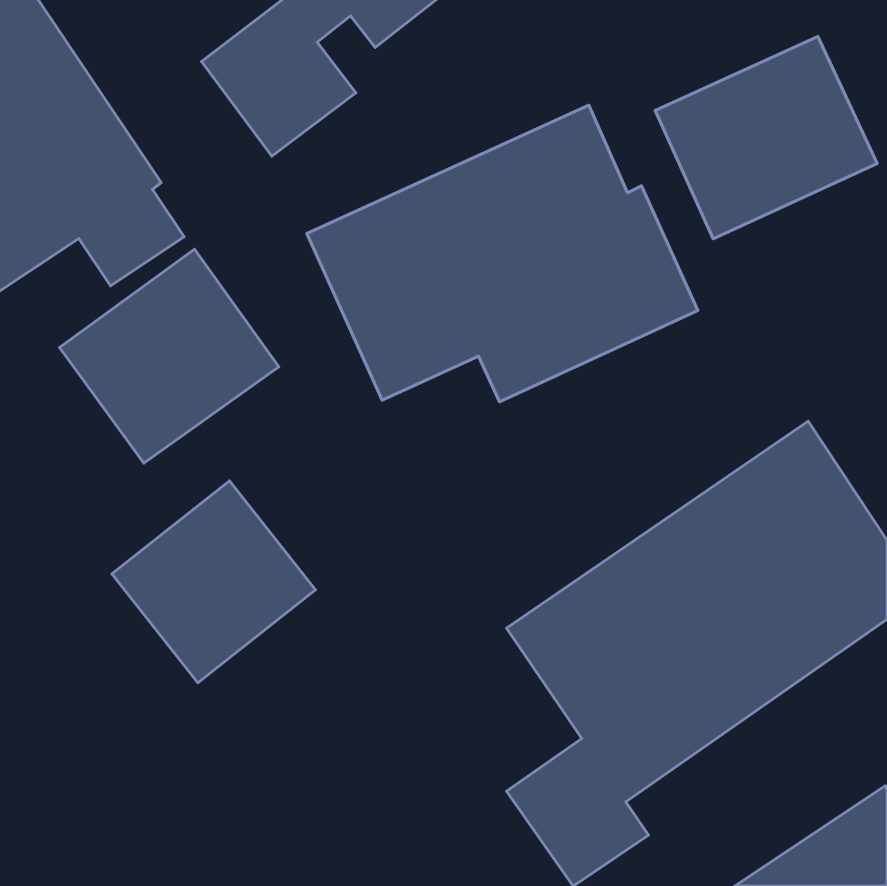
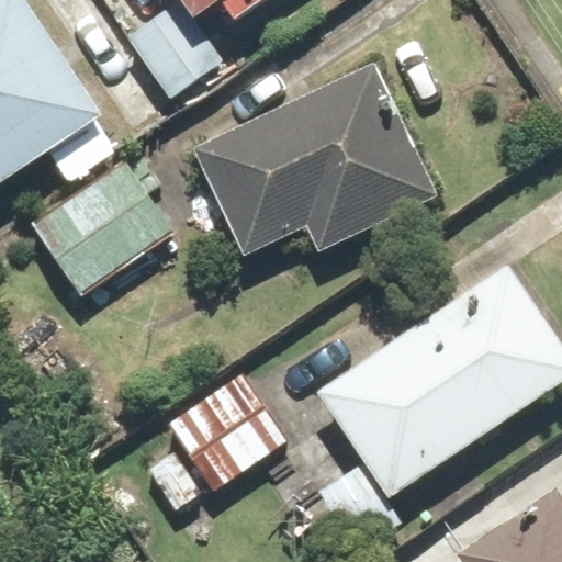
building: [655,37,877,239] -> none
building: [112,481,315,683] -> [165,364,292,491]

